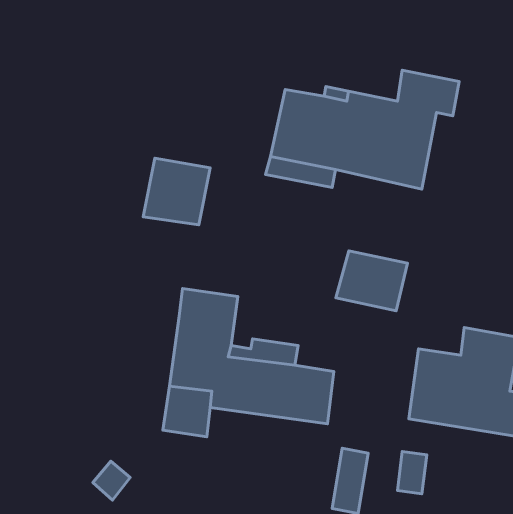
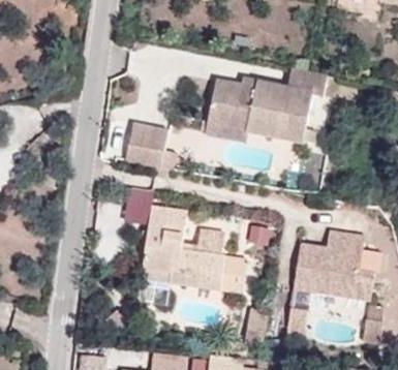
building: [336,251,407,311] -> none
building: none -> [124,185,154,222]

